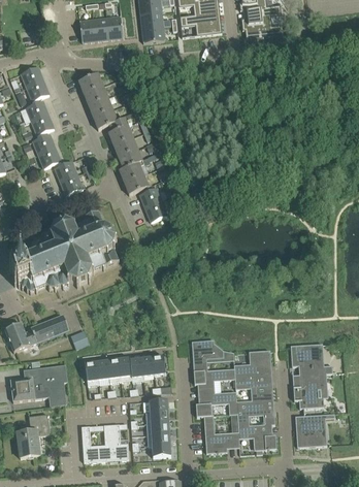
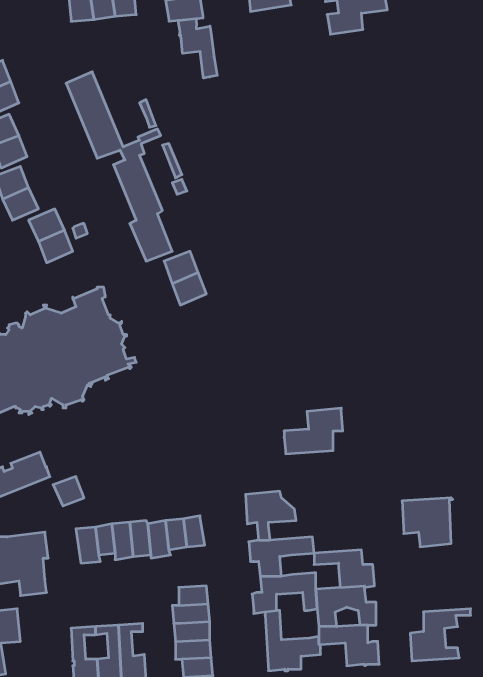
building: none -> [178,19,217,78]
building: [234,349,271,378] -> [284,408,343,454]
building: [293,371,332,407] -> none

